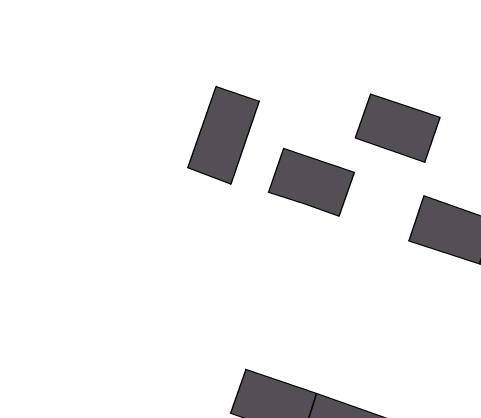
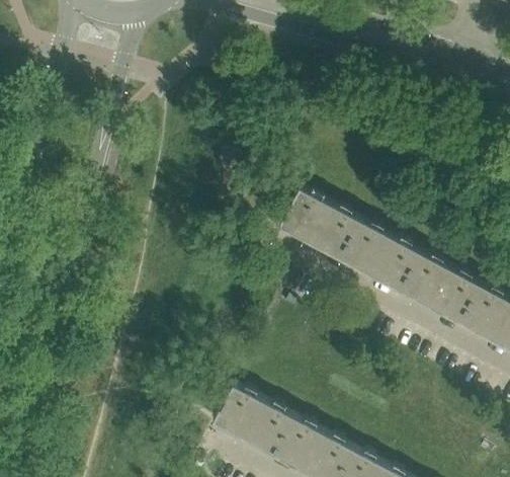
building: [188,86,259,184] -> none
building: [355,94,440,162] -> [341,224,421,294]

